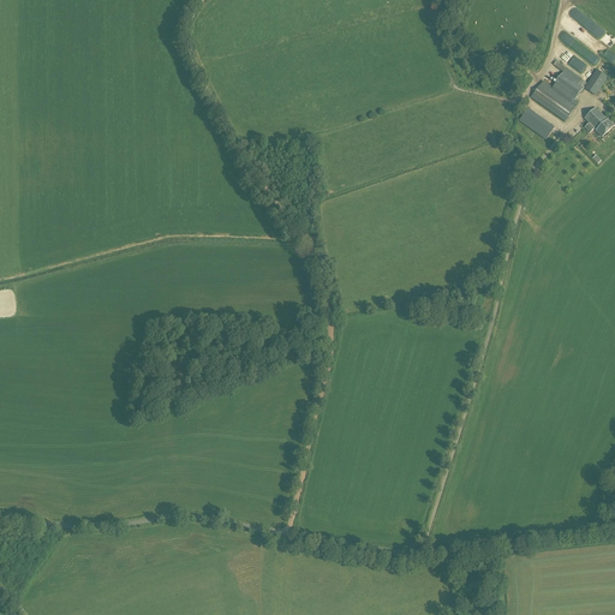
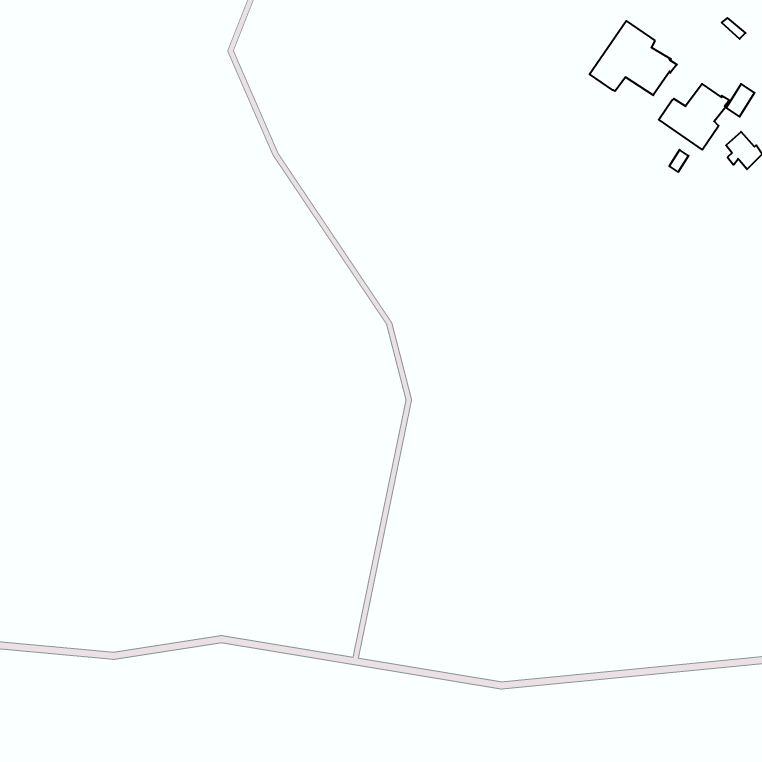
building: none -> [590,21,677,95]

